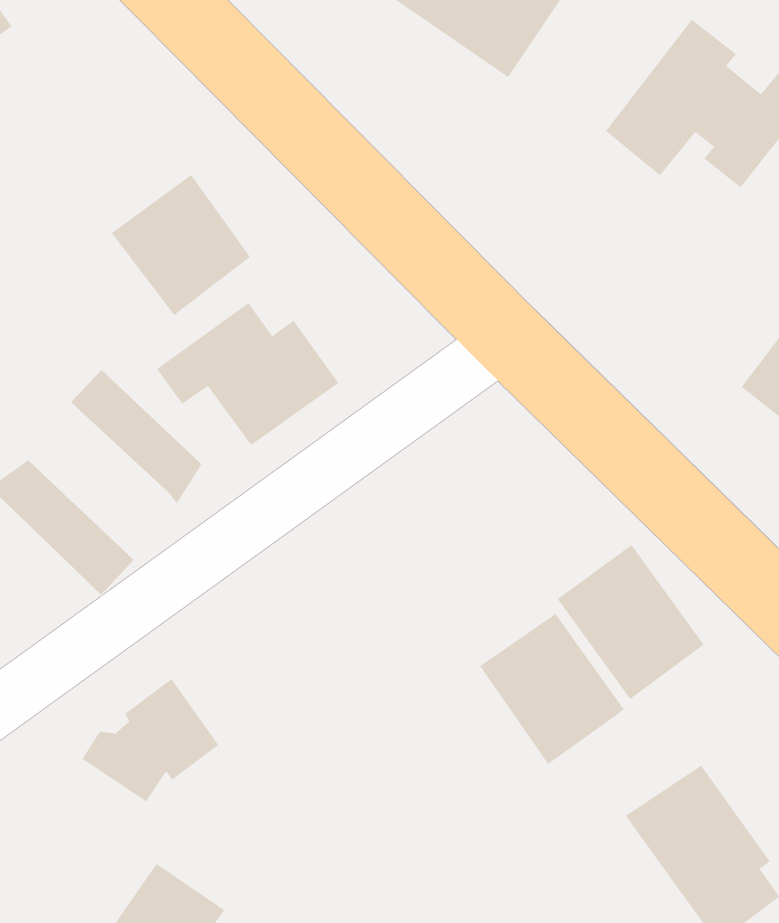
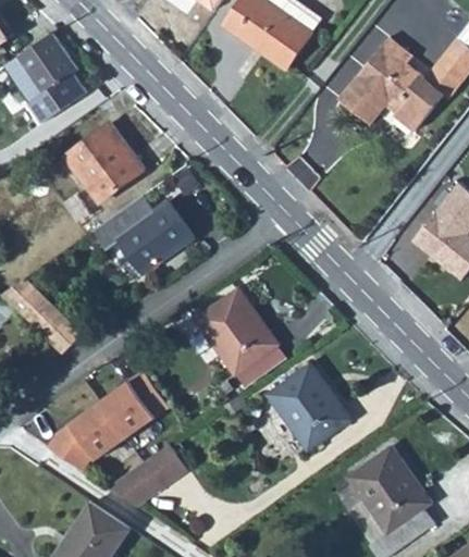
building: none -> [16,32,83,125]
building: [70,369,202,504] -> none
building: [557,544,705,700] -> [197,287,279,373]
building: none -> [99,370,171,438]
building: none -> [109,444,188,507]

